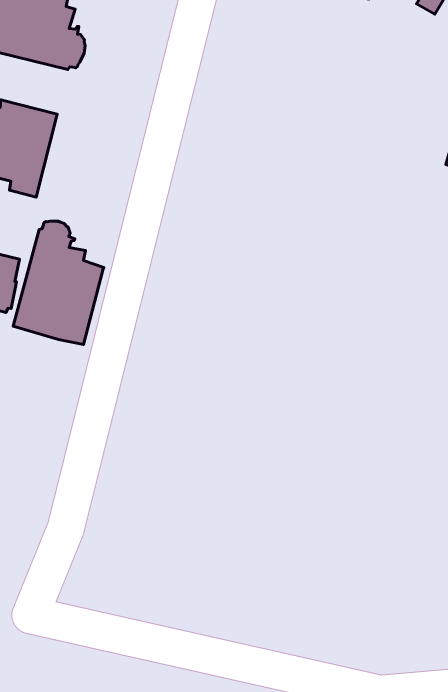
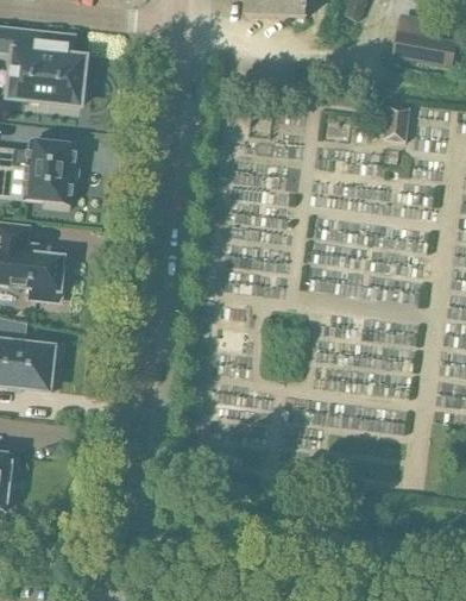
building: [13,221,104,344] -> none

